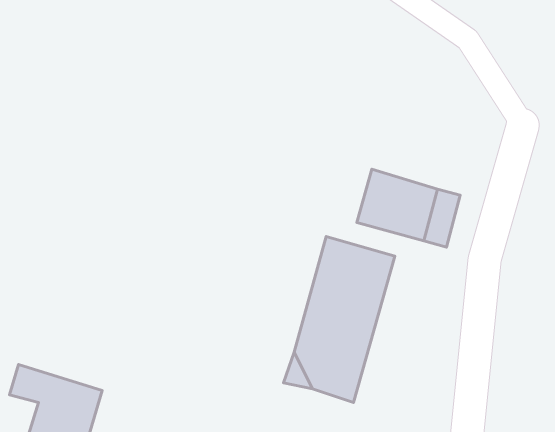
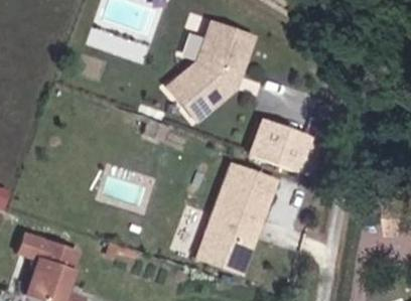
building: none -> [164,26,244,119]

